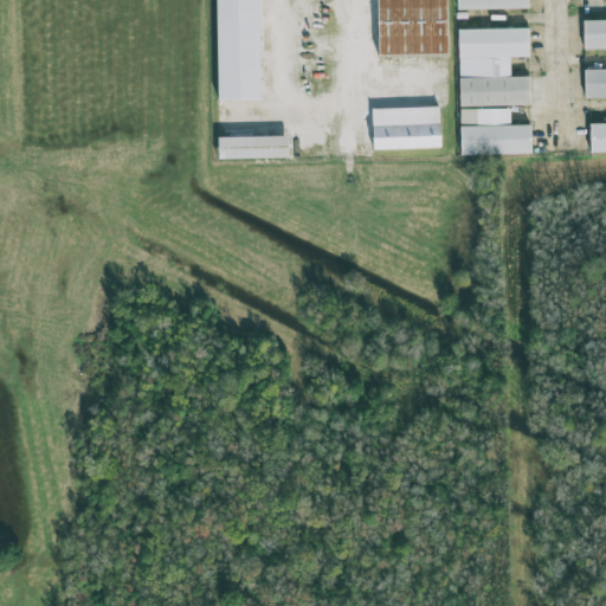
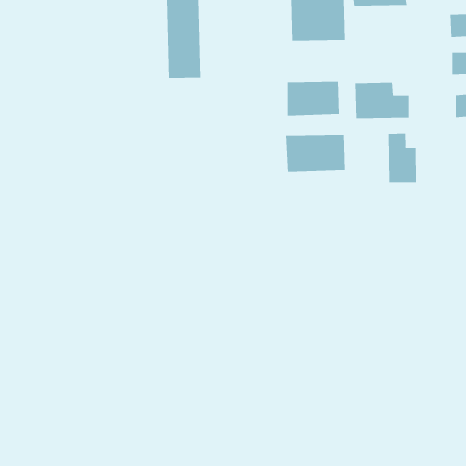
building: [459,27,531,105] -> none
building: [219,135,289,159] -> none
building: none -> [388,133,416,183]
building: none -> [285,134,345,173]

